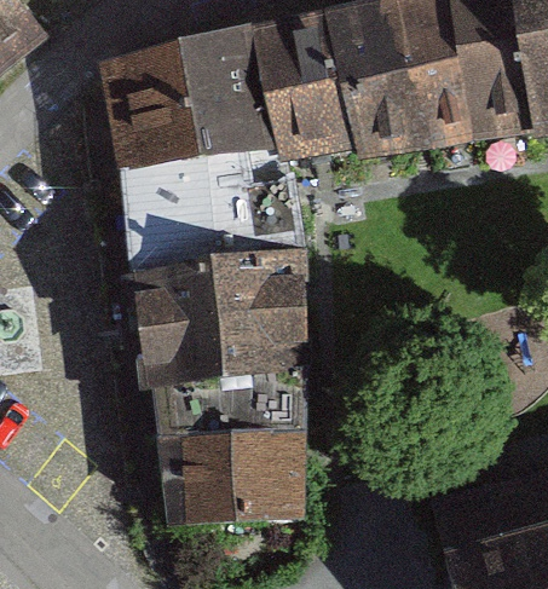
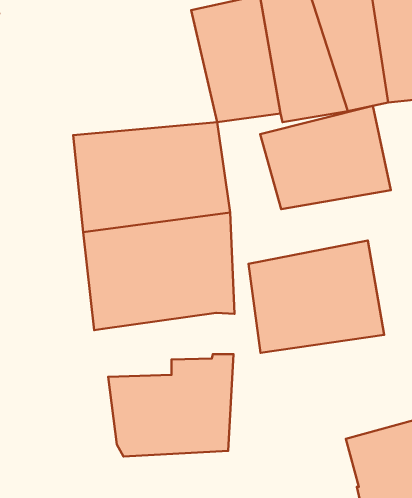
building: [108,30,283,169] -> none
building: none -> [260,106,391,209]
building: none -> [249,241,384,353]
building: [156,366,302,438] -> none

